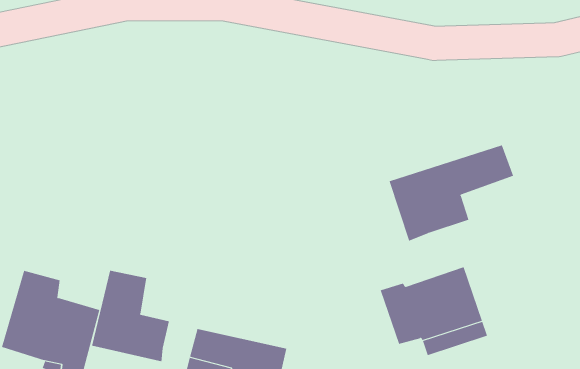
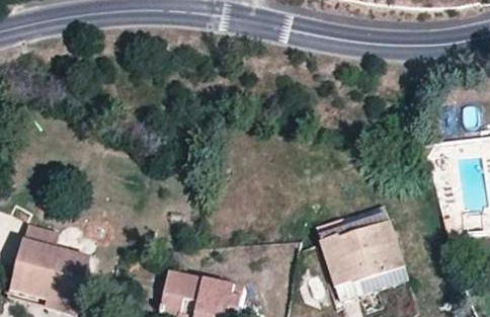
building: [389,145,514,241] -> none
building: [91,270,169,362] -> none

